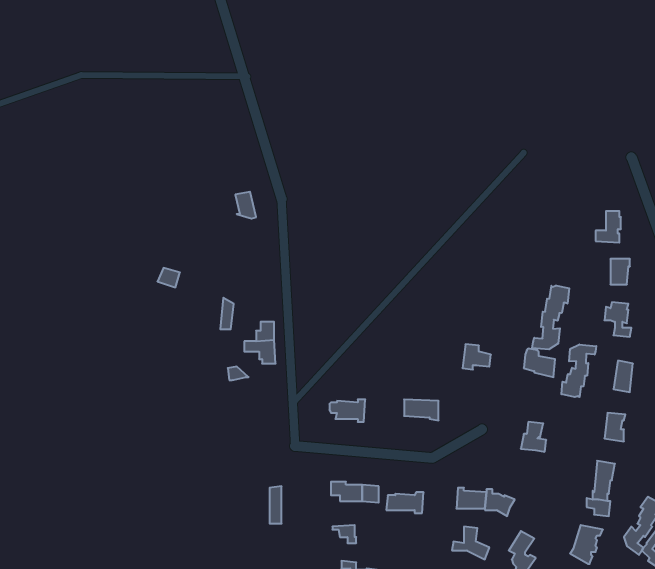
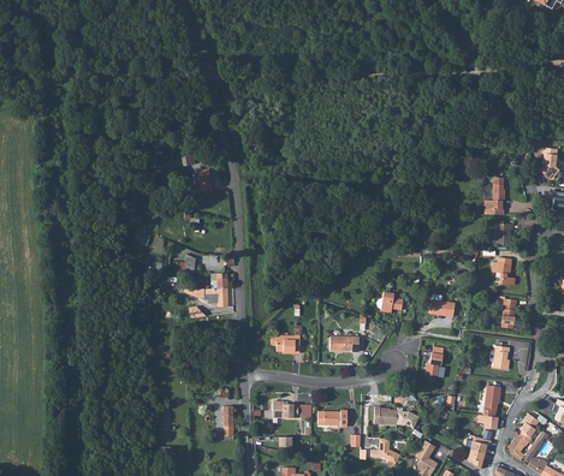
building: [532,285,569,349] -> none
building: [561,344,596,397] -> none

